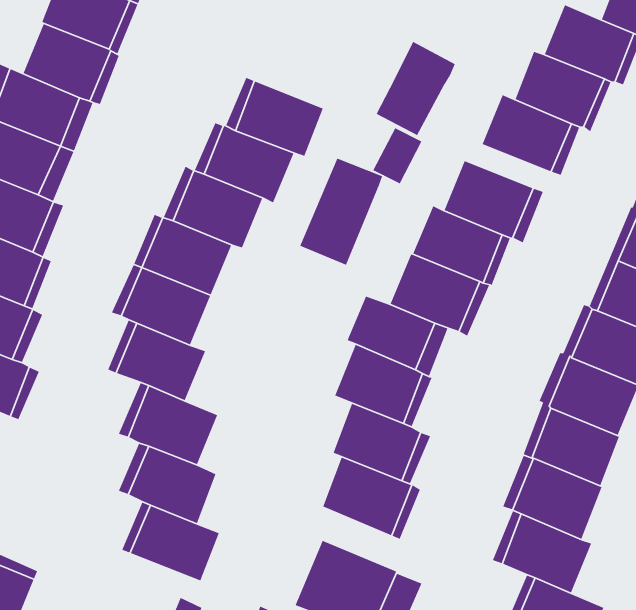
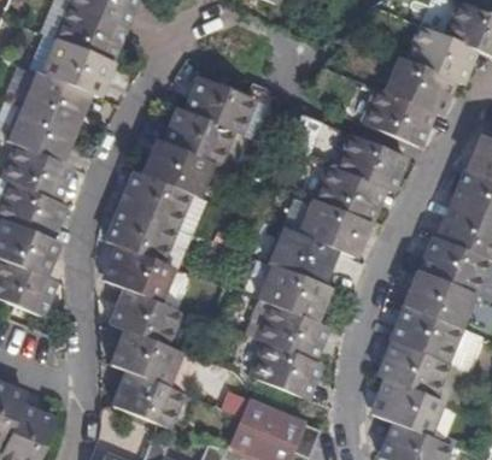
building: [375,41,456,136] -> none
building: [299,158,383,266] -> none

